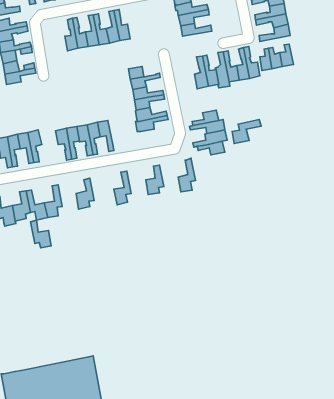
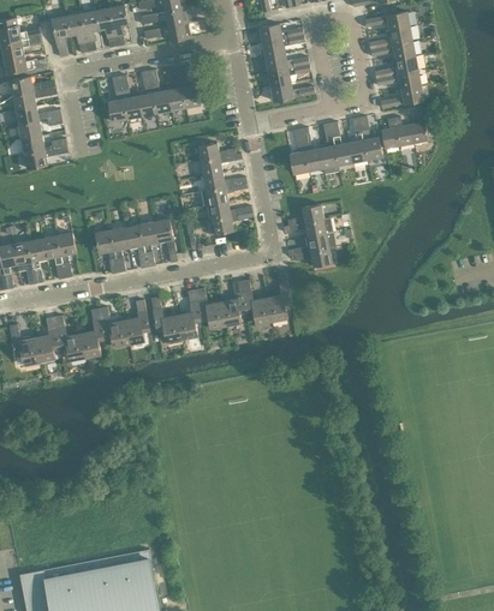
building: [232,119,261,143] -> none
building: none -> [240,278,270,322]
building: none -> [195,288,225,325]
building: none -> [150,296,181,343]
building: [31,220,51,248] -> [99,306,127,345]

